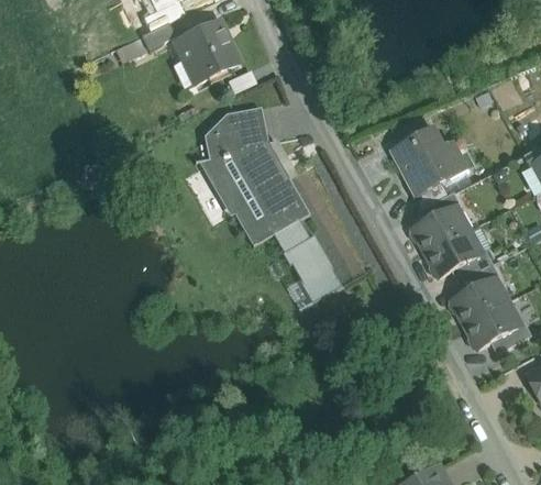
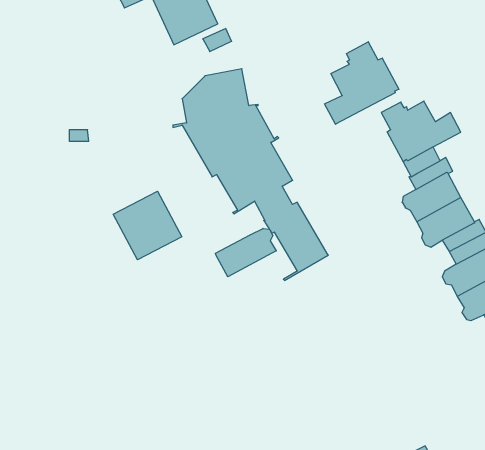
building: none -> [325,42,399,124]
building: none -> [113,191,182,260]
building: none -> [216,228,276,277]

